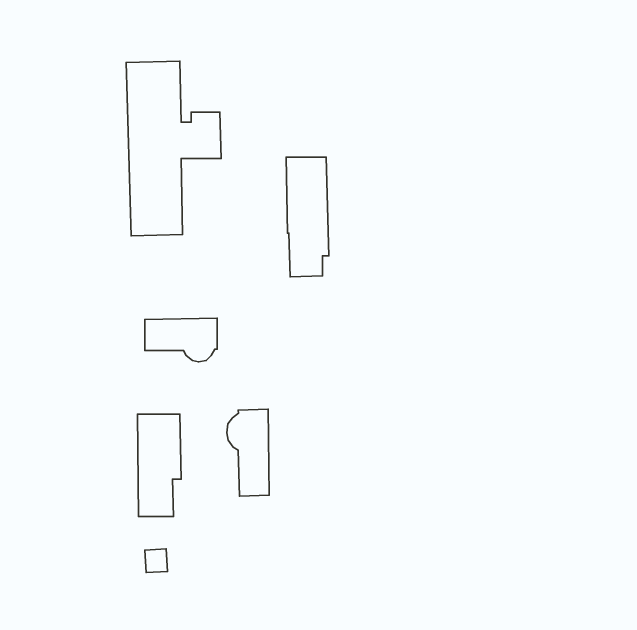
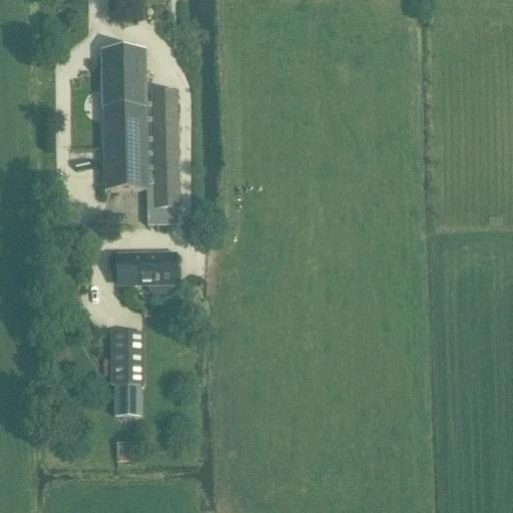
building: [286,157,329,277] -> [146,127,180,223]
building: [227,409,269,496] -> none

